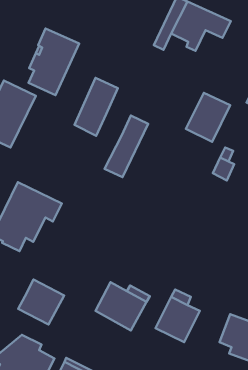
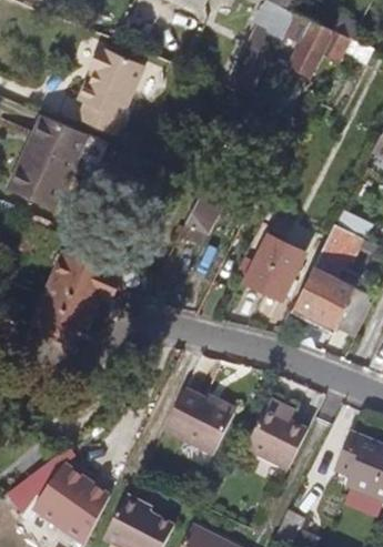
building: [75,78,118,136] -> none
building: [186,93,230,142] -> [245,233,305,300]
building: none -> [295,269,356,325]
building: [18,280,64,325] -> none

